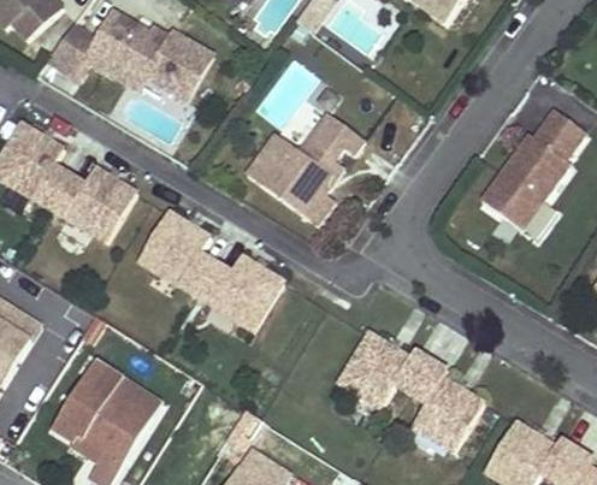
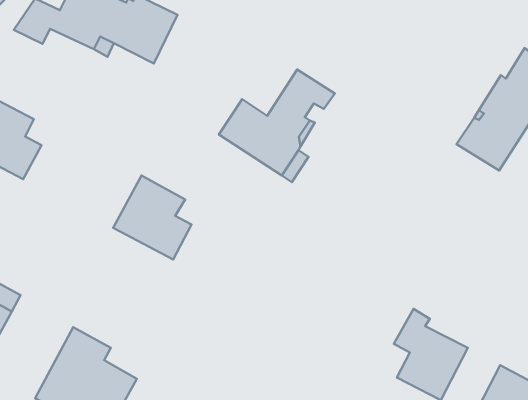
building: [51,166,137,242] -> none
building: [195,255,283,330] -> none
building: [338,332,431,408] -> none

